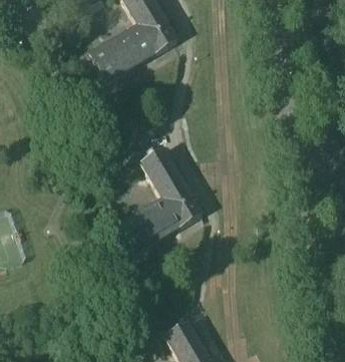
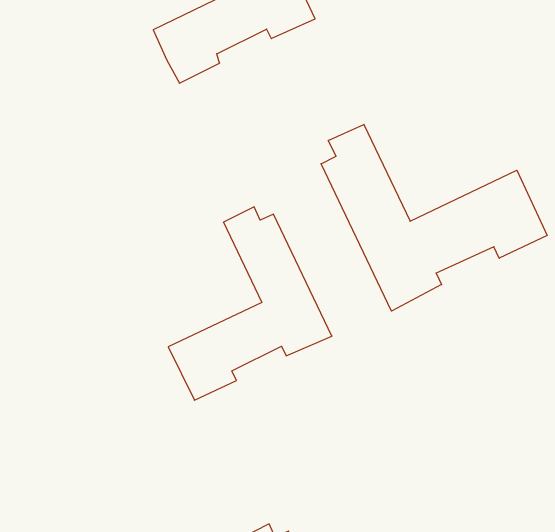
building: none -> [321,124,547,311]

